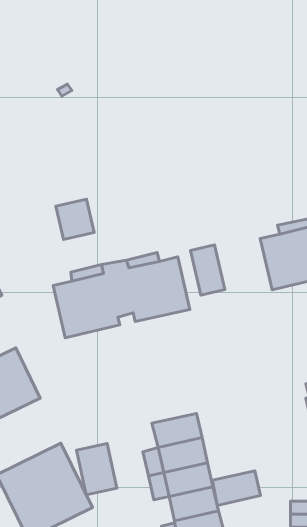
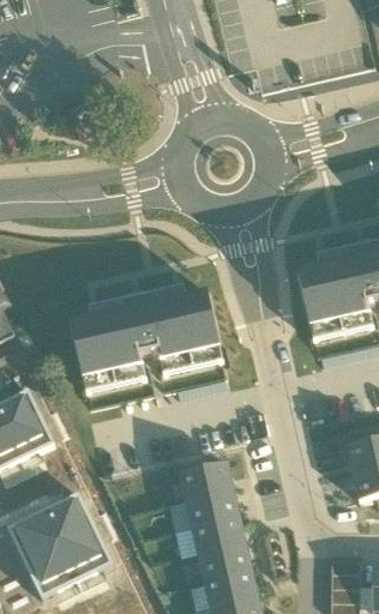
building: [56,199,94,239] -> none
building: [191,245,225,295] -> none
building: [77,444,117,495] -> none
building: [213,471,260,506] -> none

